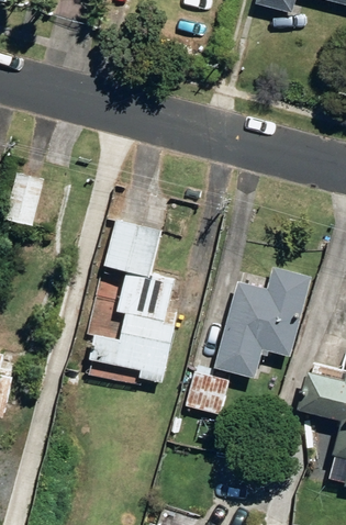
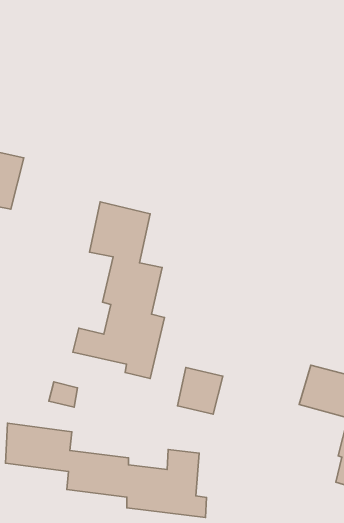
building: [214,269,310,378] -> none
building: none -> [5,423,206,518]

